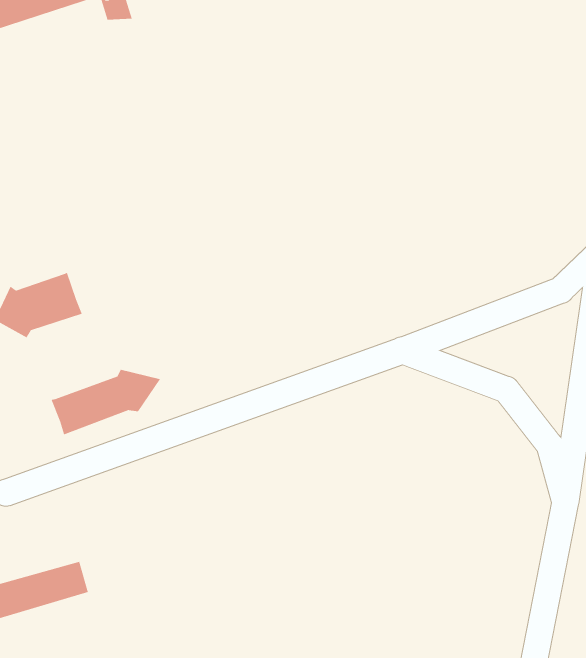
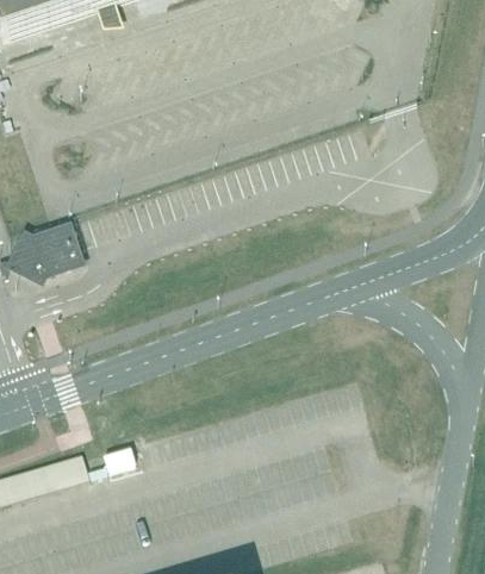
building: [51,369,161,436] -> none

